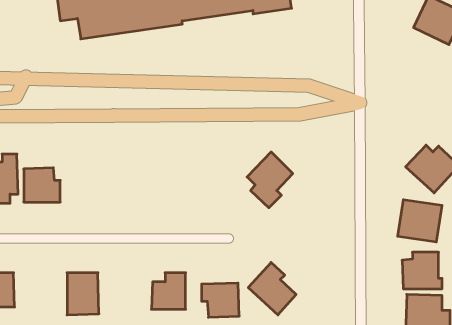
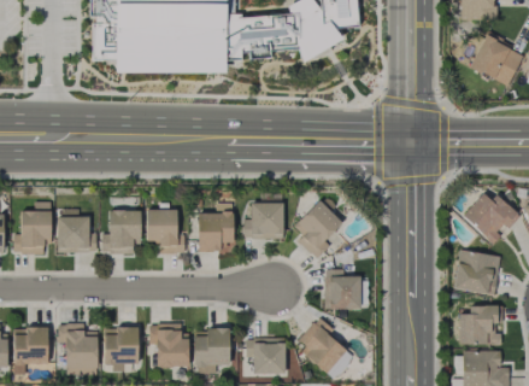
building: none -> [198,203,234,251]
building: none -> [243,203,283,238]
building: none -> [101,209,141,253]
building: none -> [146,209,184,253]
building: none -> [324,268,360,309]
building: none -> [58,322,98,374]
building: none -> [148,323,189,367]

